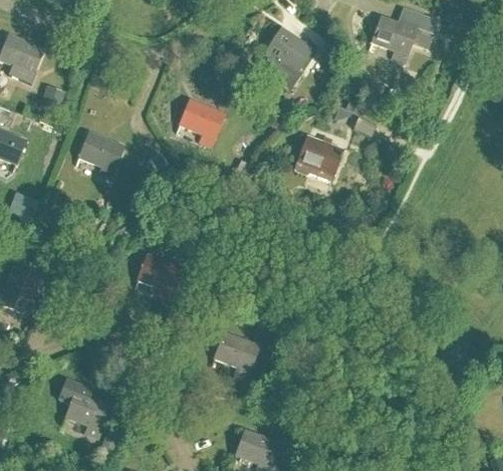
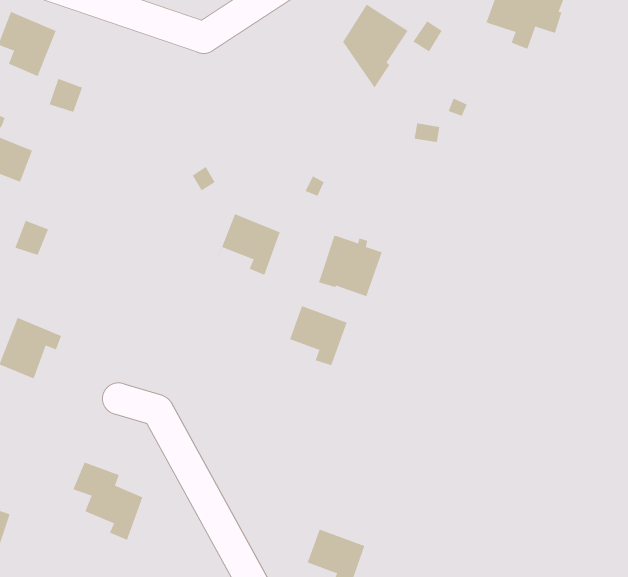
building: [177,99,225,147] -> none
building: [76,132,124,178] -> none
building: [291,136,340,183] -> [318,235,382,297]
building: [135,253,183,300] -> [217,214,280,275]
building: [212,331,259,378] -> [286,305,348,366]

